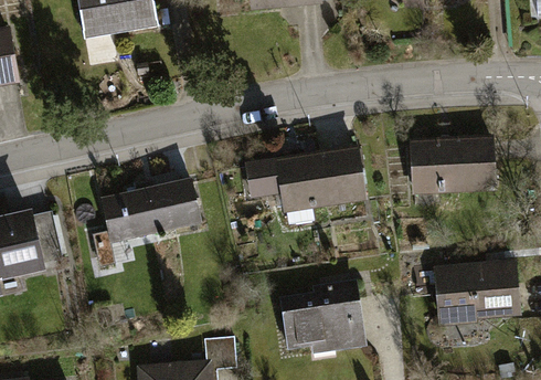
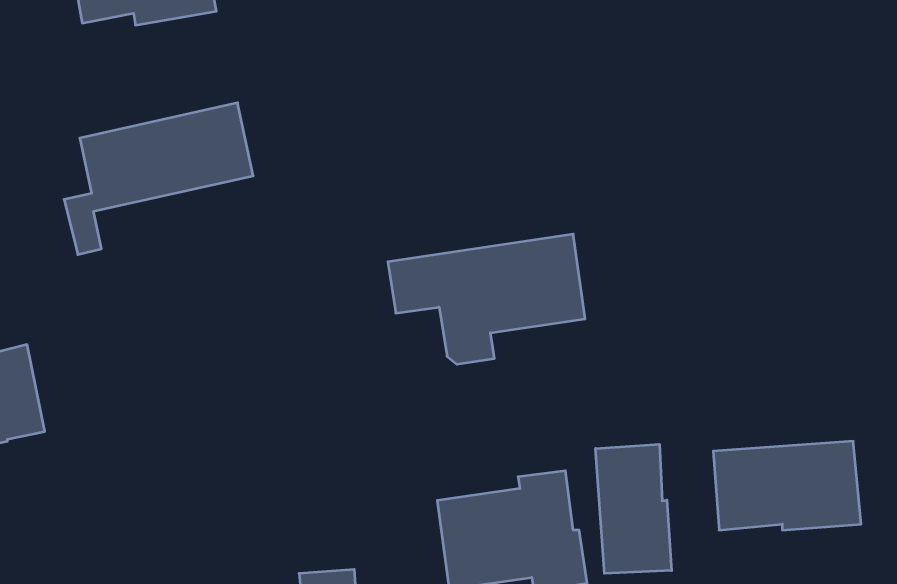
building: [413,139,494,189] -> none
building: [94,180,200,265] -> [64,103,253,255]
building: none -> [596,444,672,573]

